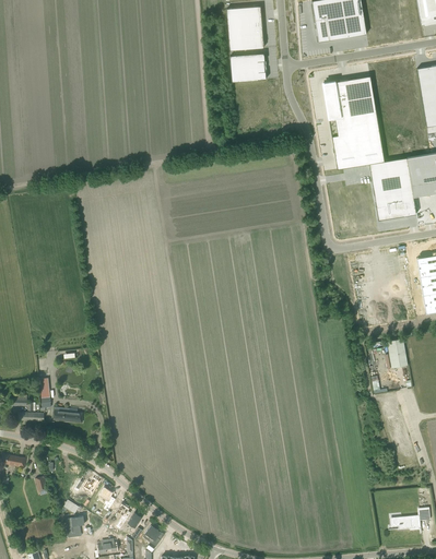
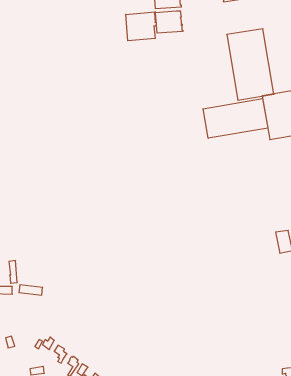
building: none -> [126,12,156,41]
building: none -> [203,98,268,138]

